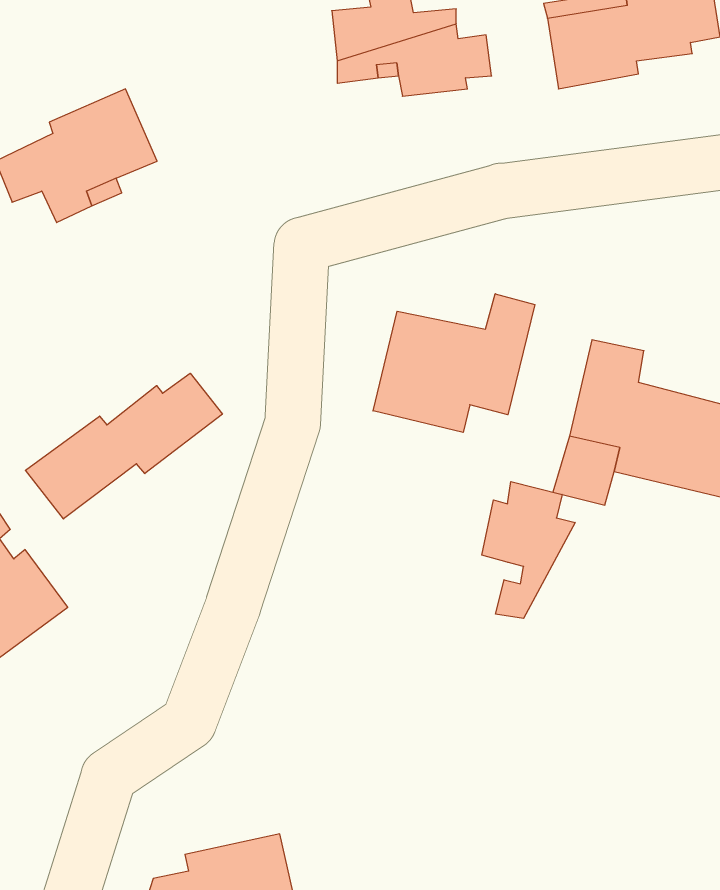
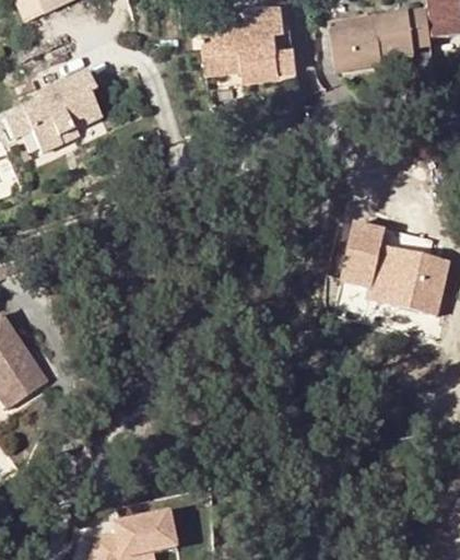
building: [373,294,535,432] -> none
building: [25,373,222,519] -> none
building: [482,482,575,618] -> none

